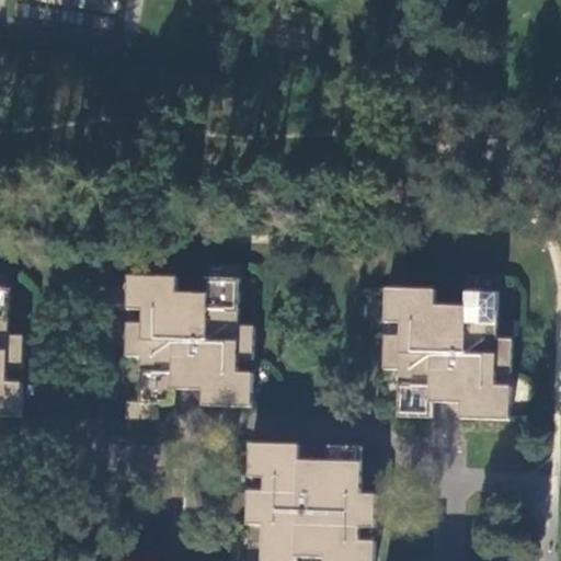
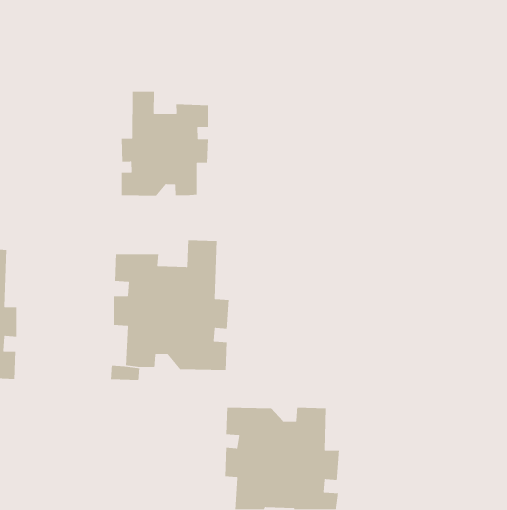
building: none -> [121,91,209,197]
building: [381,276,508,419] -> none

